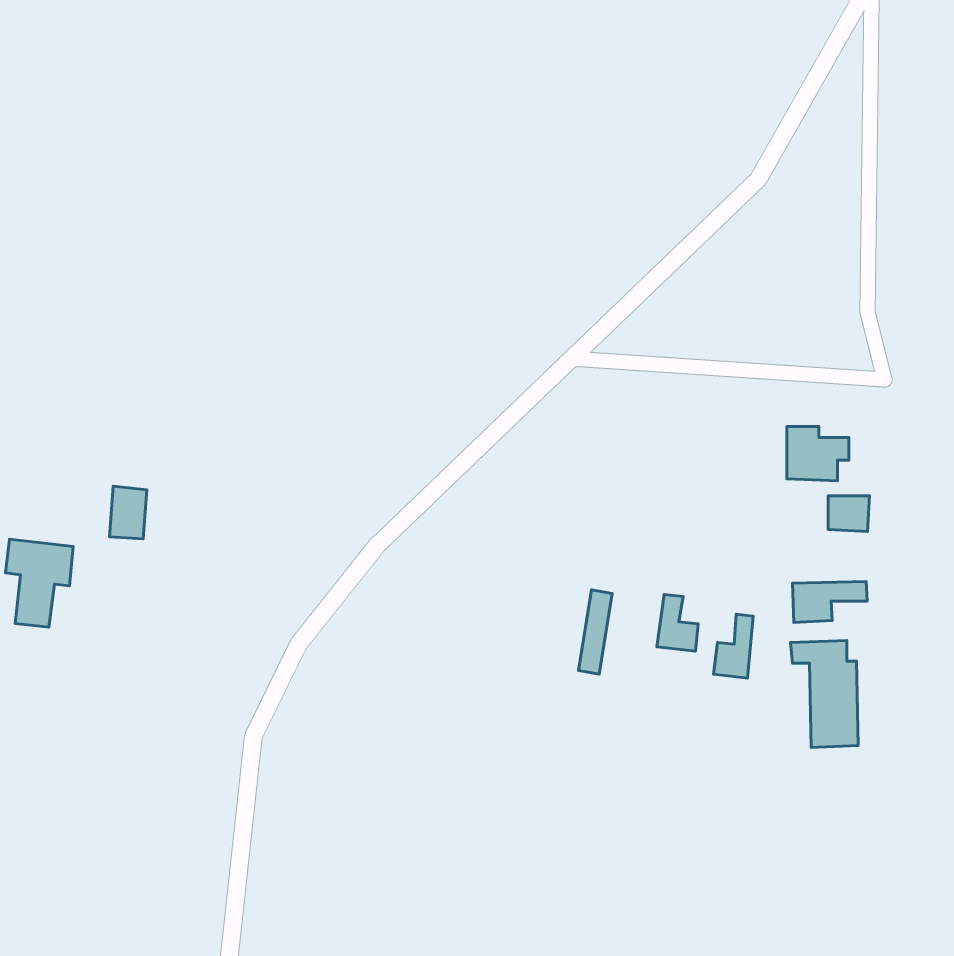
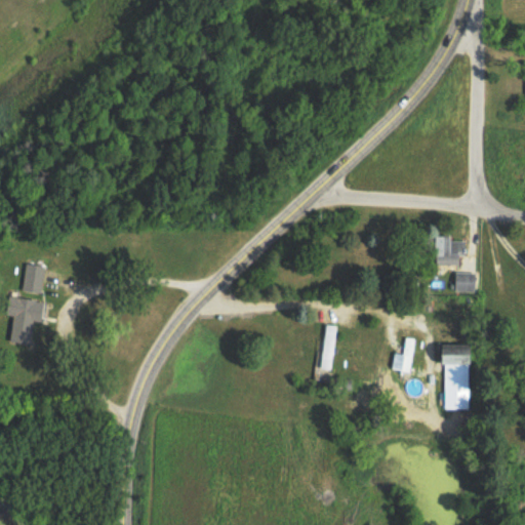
building: [109,486,147,539] -> [24,264,44,292]
building: [792,582,867,622] -> none
building: [657,594,698,651] -> none

